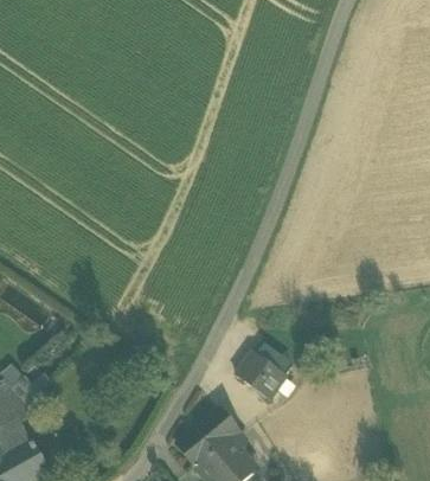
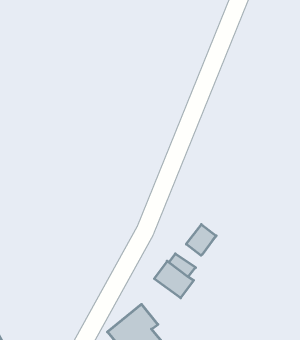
building: none -> [186,224,216,255]

